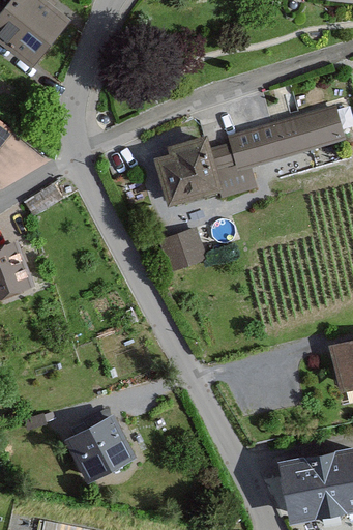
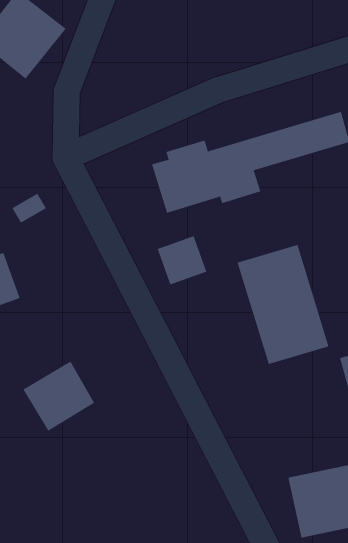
building: none -> [237,244,329,365]
building: [64,411,133,477] -> [22,361,95,431]

